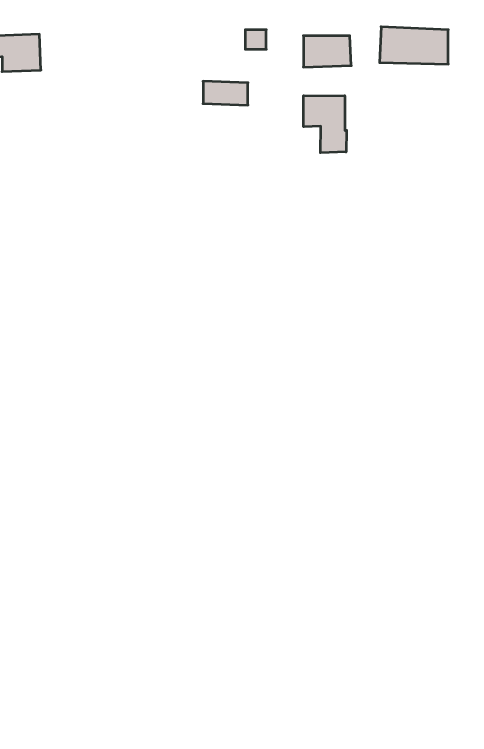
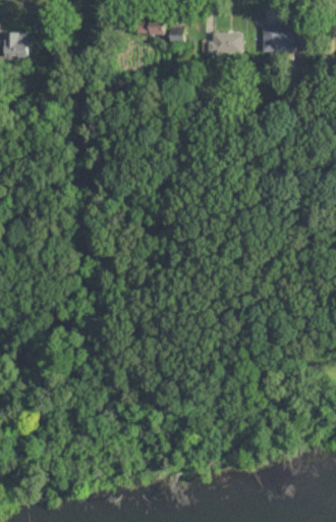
building: [203,81,248,105] -> [133,19,164,36]
building: [304,96,347,153] -> none

